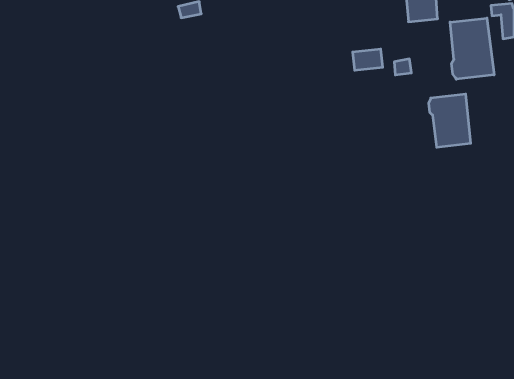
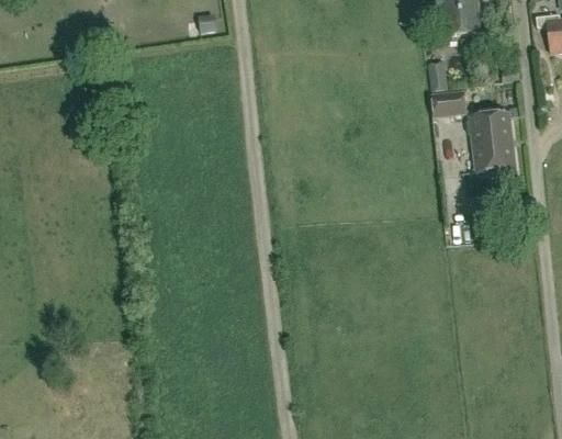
building: [450,18,494,79] -> none
building: [353,49,383,70] -> [432,93,465,116]

